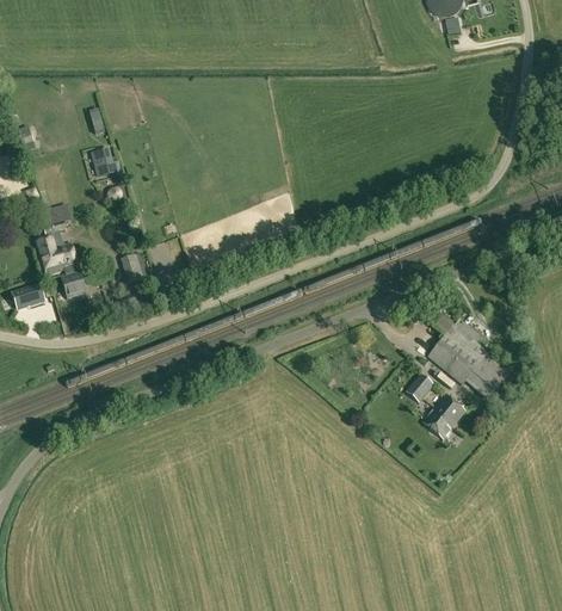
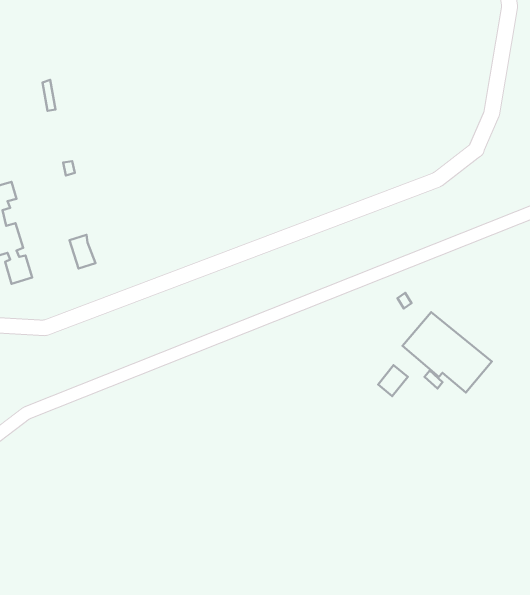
building: [91,147,121,177] -> none
building: [422,394,465,439] -> none

